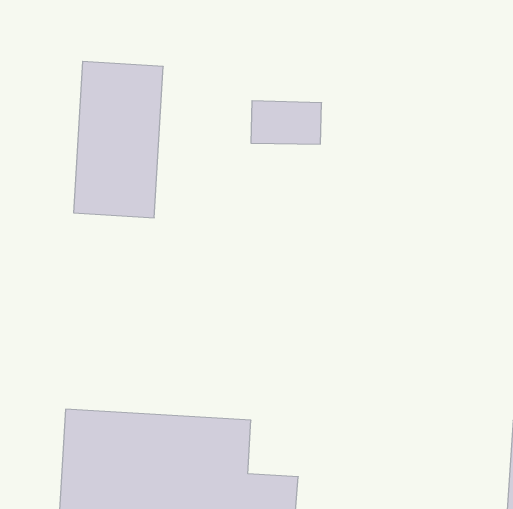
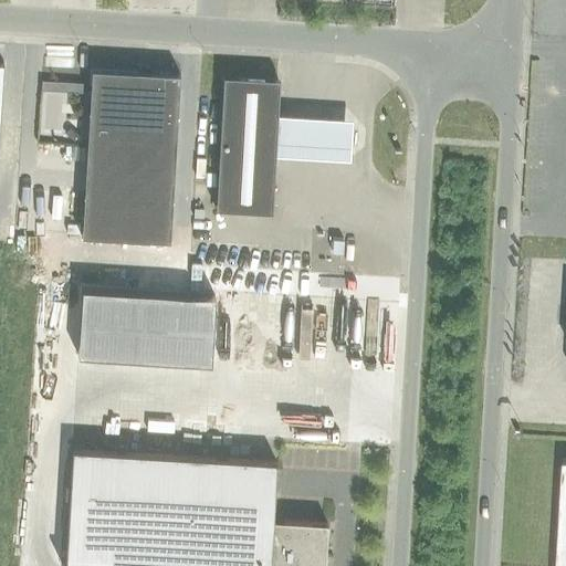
building: none -> [217,82,281,219]
building: none -> [78,295,217,370]

